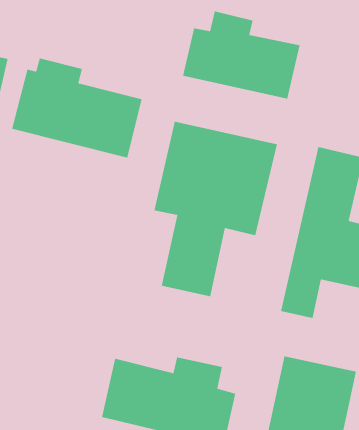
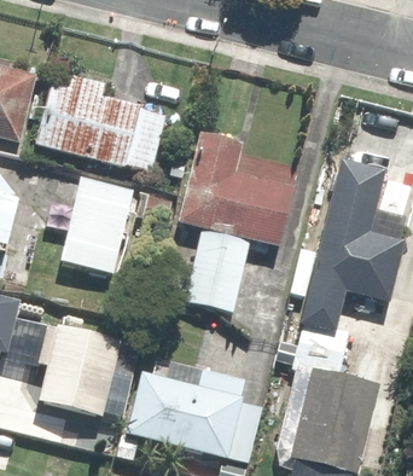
building: [182,10,301,99] -> none
building: none -> [64,178,174,252]
building: none -> [37,323,118,418]

